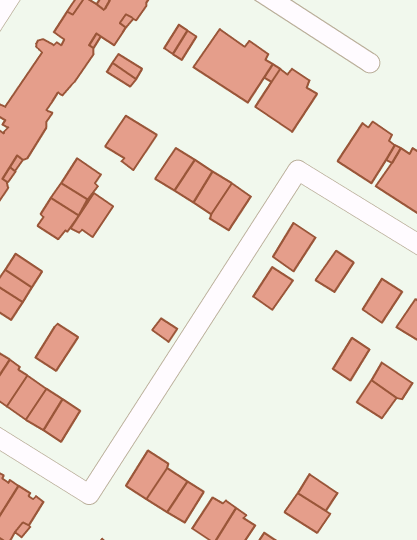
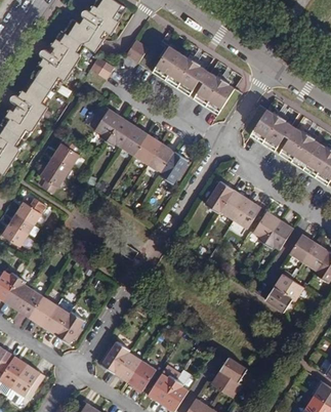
building: [70,193,113,237] -> [106,118,135,149]
building: [253,267,293,310] -> [219,190,247,219]
building: [35,324,78,371] -> [55,308,85,341]
building: [333,338,370,380] -> [253,210,279,240]

